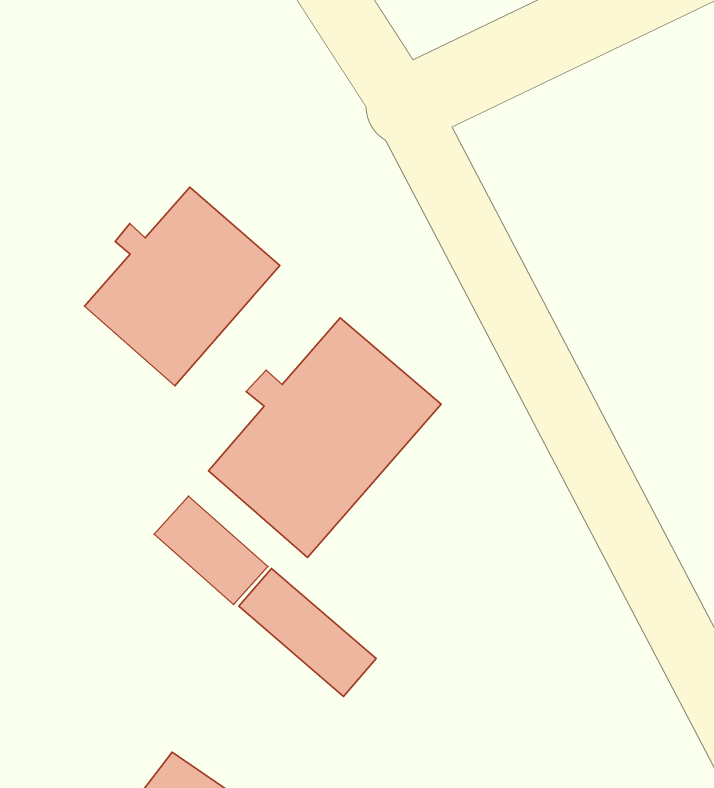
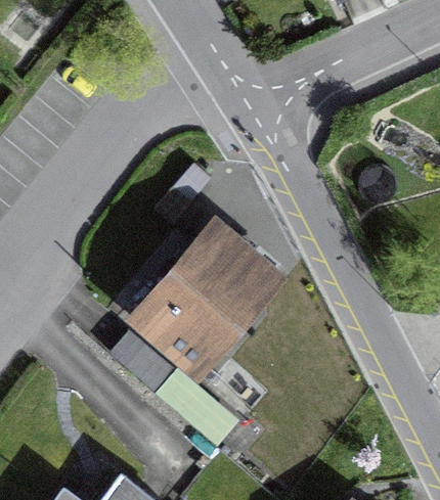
building: [85,187,280,386] -> none

